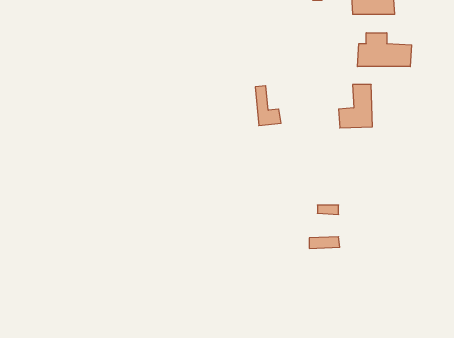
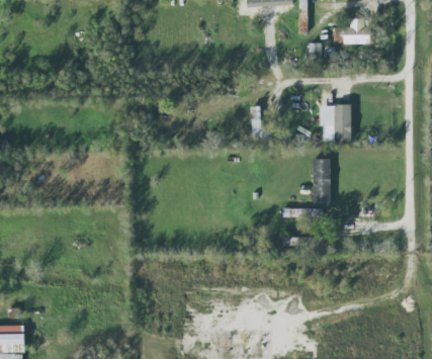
building: [357,33,412,67] -> none
building: none -> [313,159,331,205]

